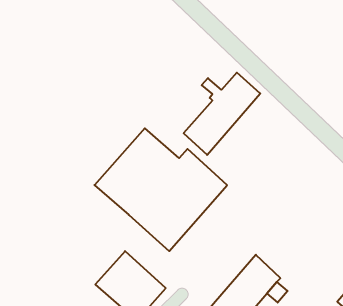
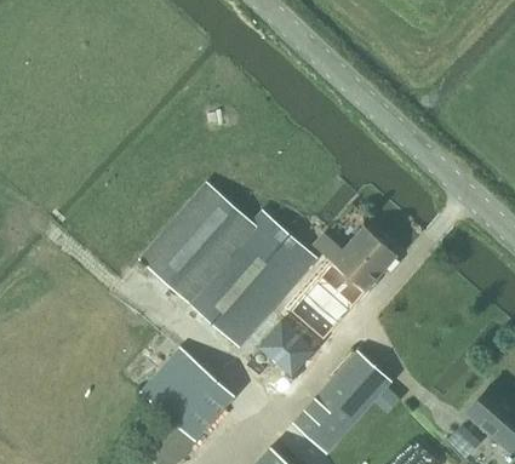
building: [184,73,260,155] -> [292,228,395,338]
building: none -> [258,321,314,376]

